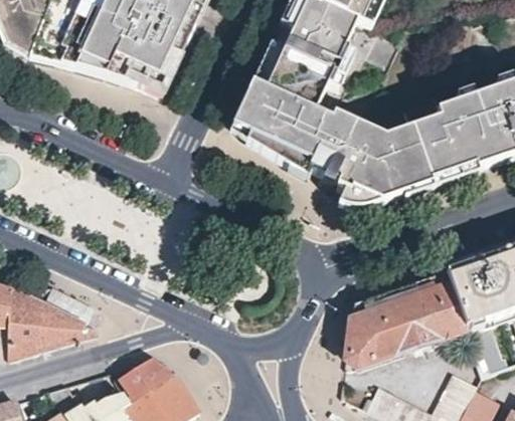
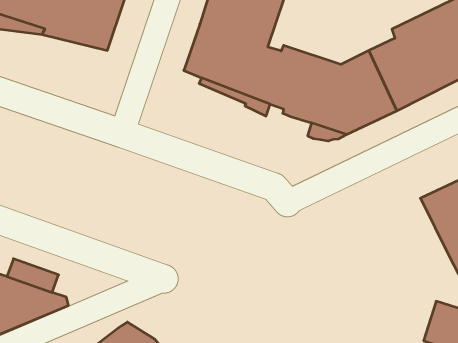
building: [346,270,466,369] -> none

